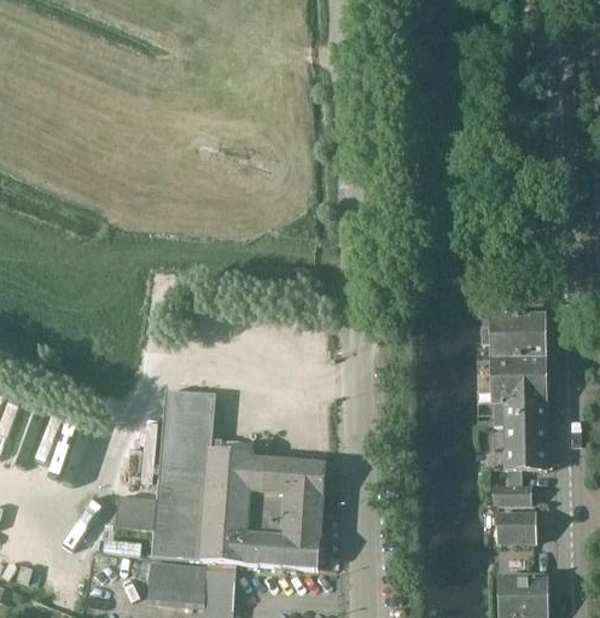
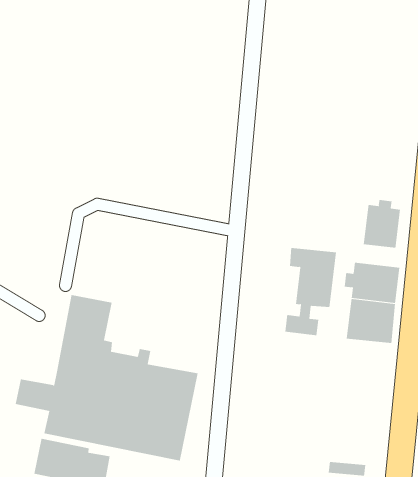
building: none -> [363,199,401,249]
building: [491,403,546,503] -> [284,248,337,336]
building: [497,511,526,543] -> none

